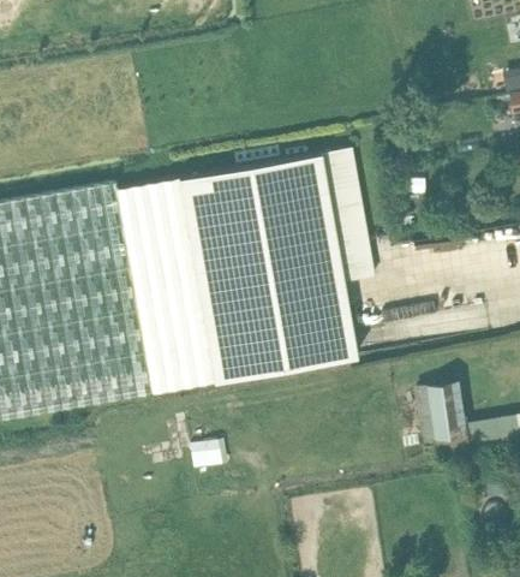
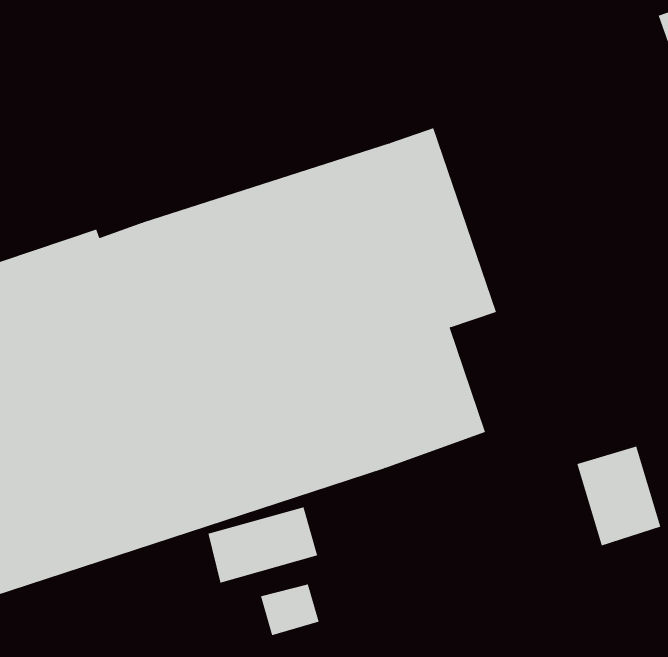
building: none -> [208,506,318,583]

